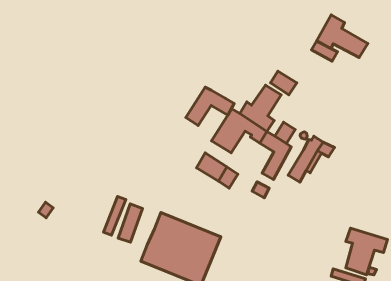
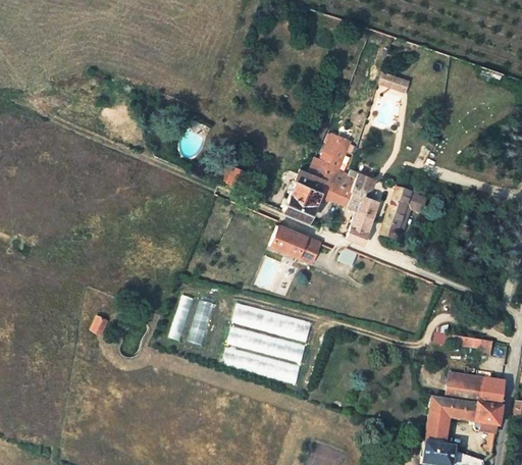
building: [317,15,368,58] -> none
building: [270,71,297,95] -> none
building: [186,87,234,125] -> none
building: [346,228,387,275] -> none

